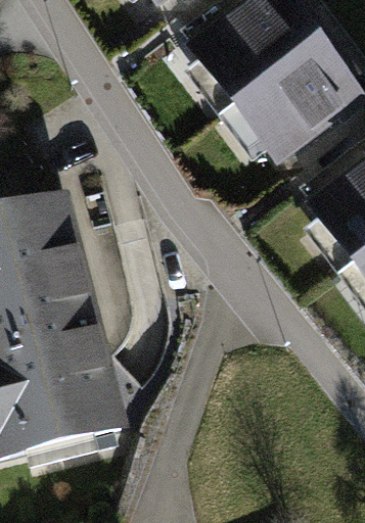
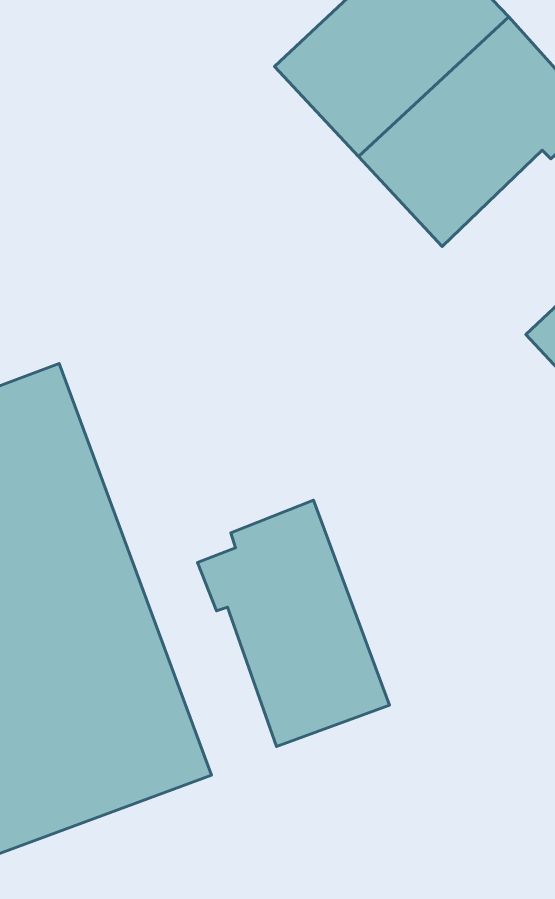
building: none -> [197,500,389,747]

